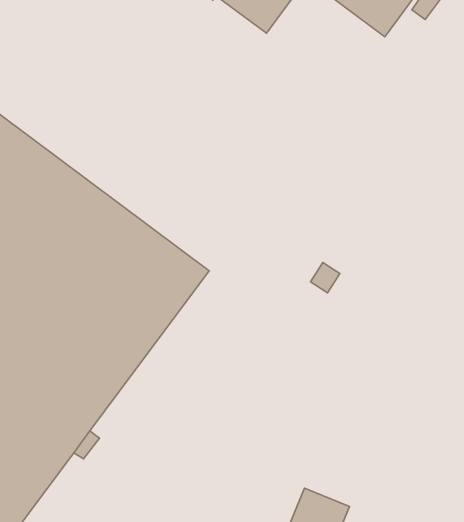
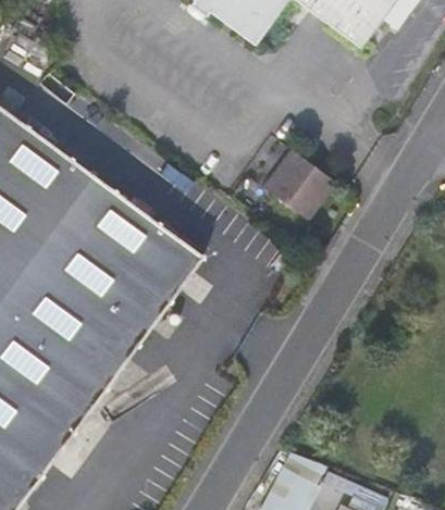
building: none -> [263,149,334,219]

